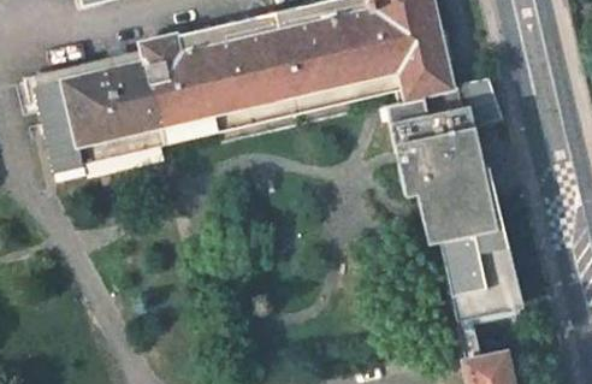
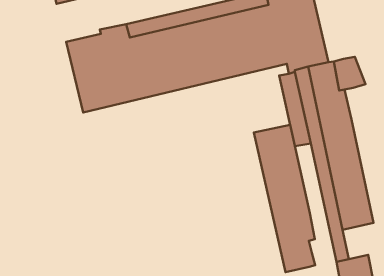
building: [34,60,119,183] -> none
building: none -> [254,125,315,272]

